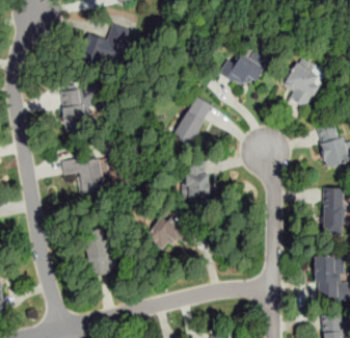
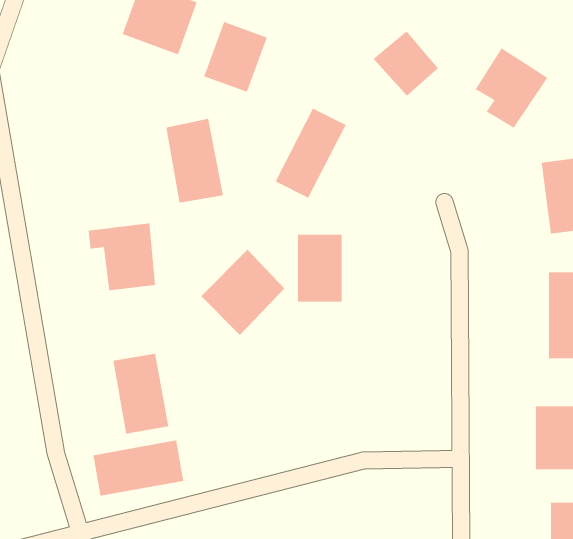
building: none -> [203,21,267,93]
building: [59,89,91,136] -> [165,118,224,203]
building: [145,211,192,259] -> [200,249,285,336]
building: none -> [93,440,184,497]

